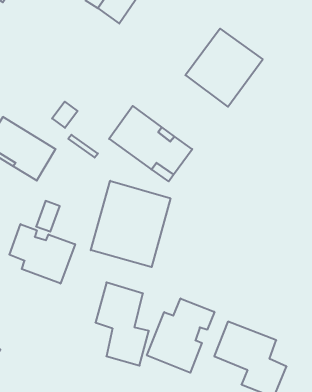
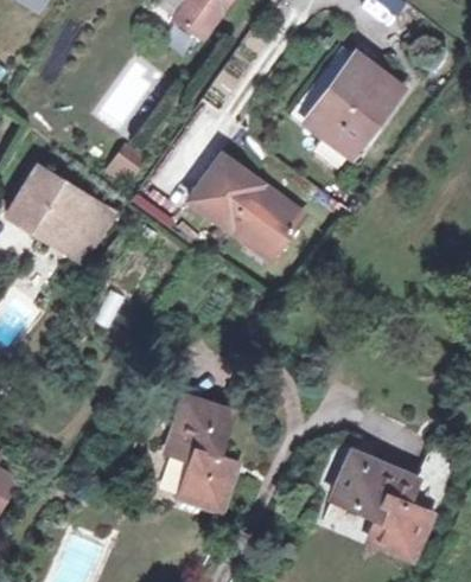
building: [91,181,170,267] -> none
building: [9,224,75,284] -> none
building: [147,298,214,373] -> none

